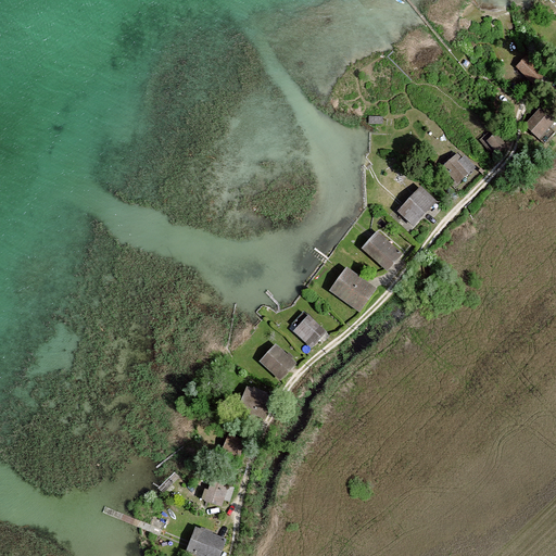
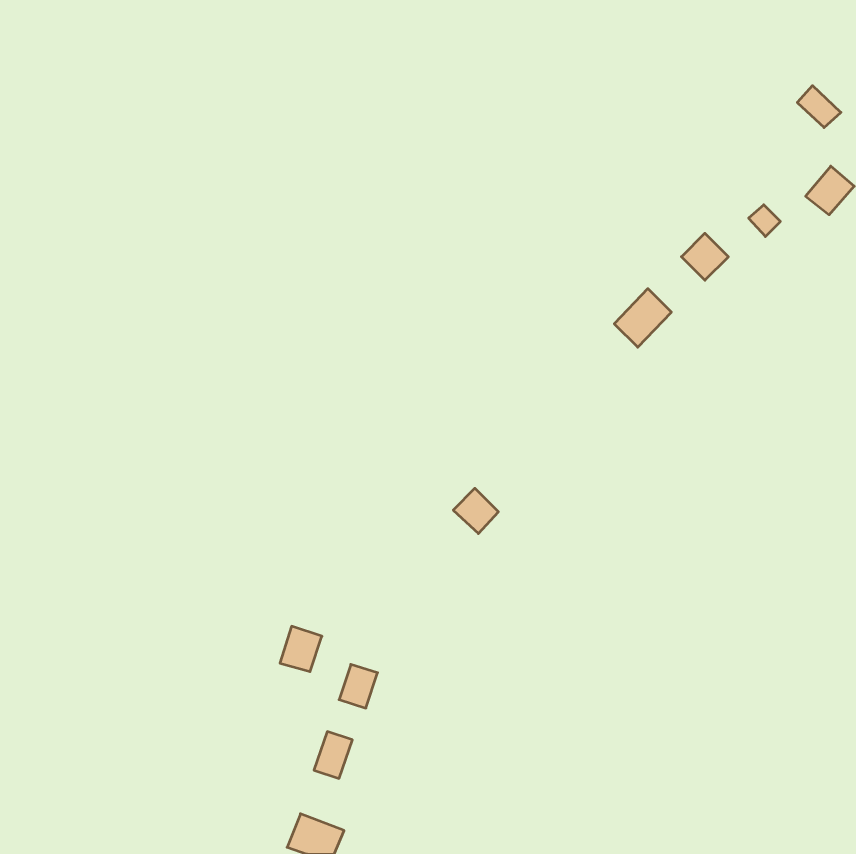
building: [364,232,401,268] -> none
building: [332,269,374,309] -> none
building: [263,348,293,379] -> none
building: [239,386,266,415] -> [280,626,322,672]

